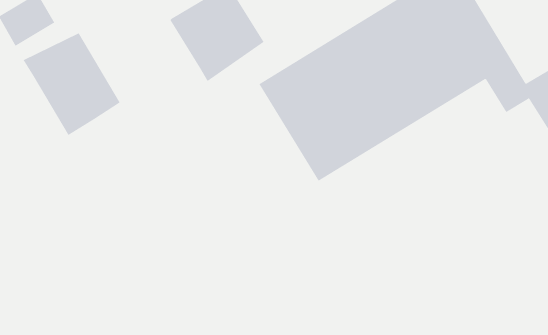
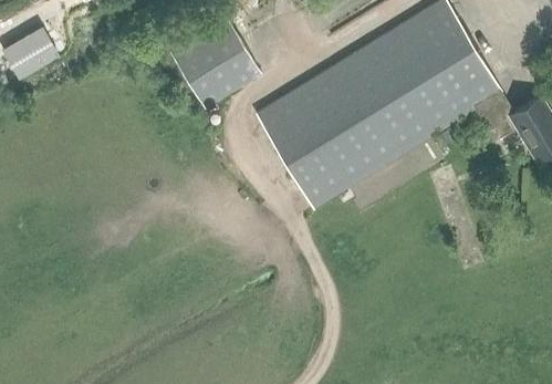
building: [23,32,121,135] -> none

